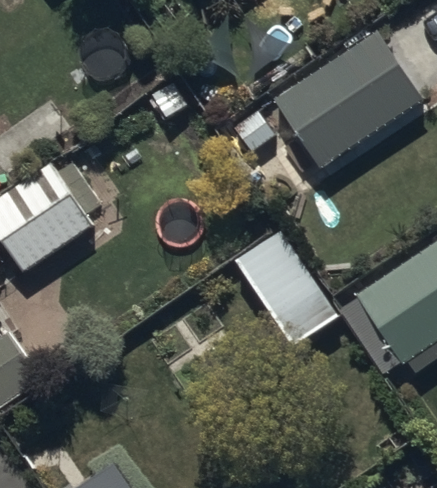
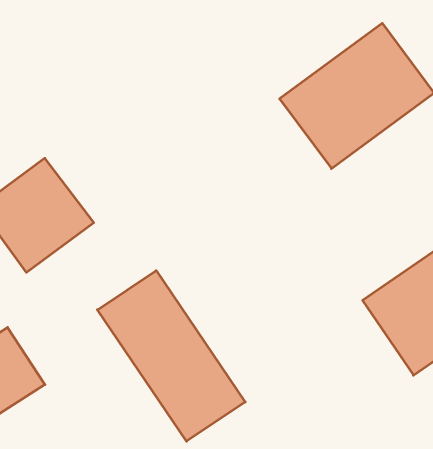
building: [235,228,340,346] -> none
building: none -> [97,271,245,441]

